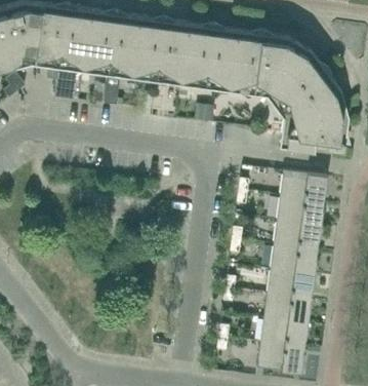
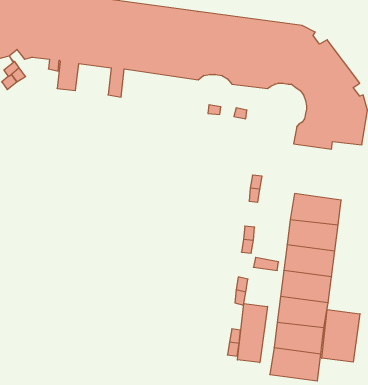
building: [280,169,328,201] -> none
building: none -> [237,303,267,363]
building: none -> [322,310,360,362]

